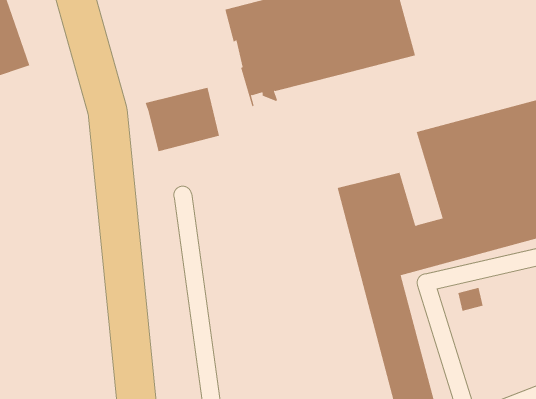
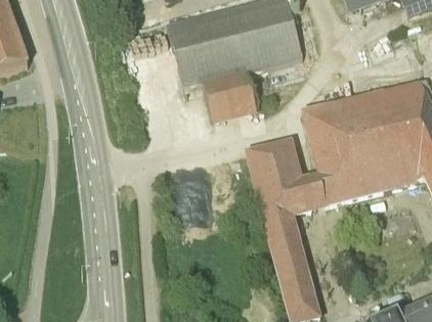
building: [145,87,220,152] -> [202,71,255,117]

